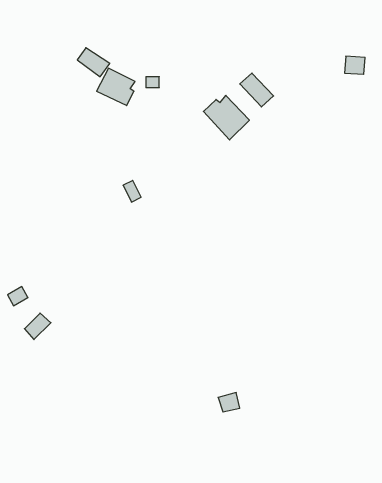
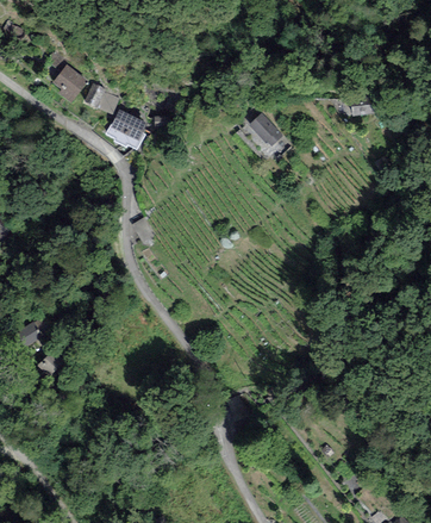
building: none -> [46,57,88,104]
building: [203,95,249,140] -> none

